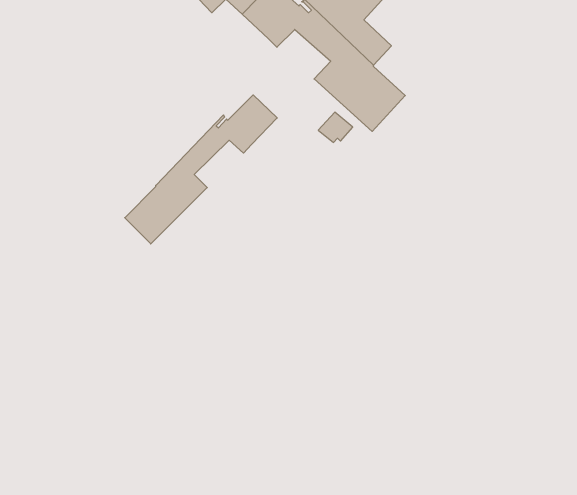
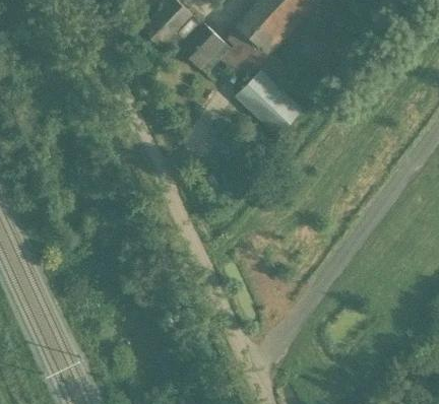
building: [125,95,277,244] -> none

